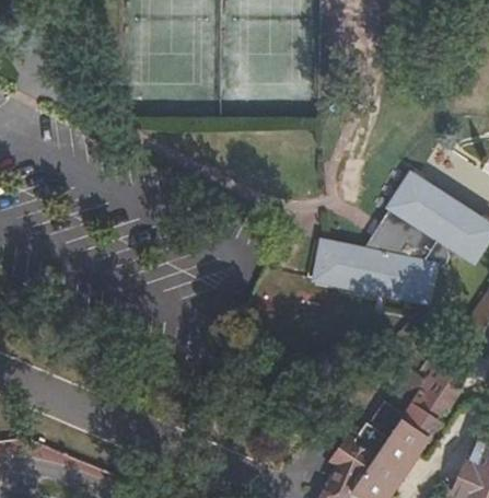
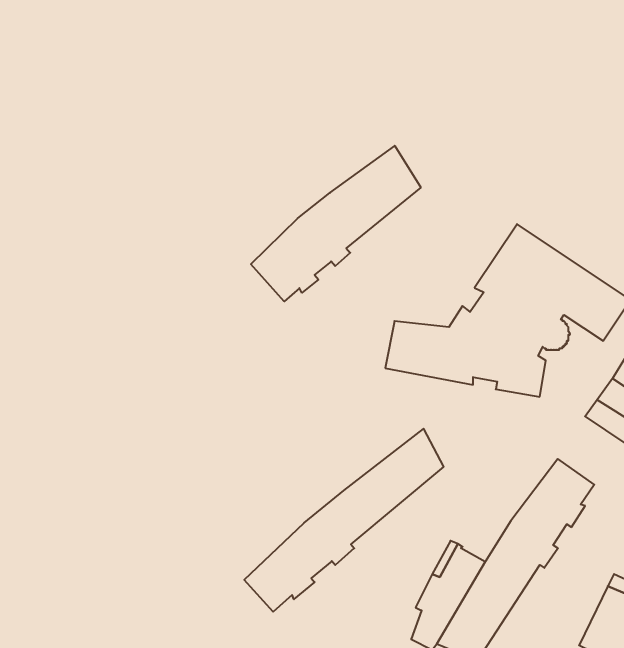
building: none -> [251,146,421,301]
building: none -> [244,429,444,612]

